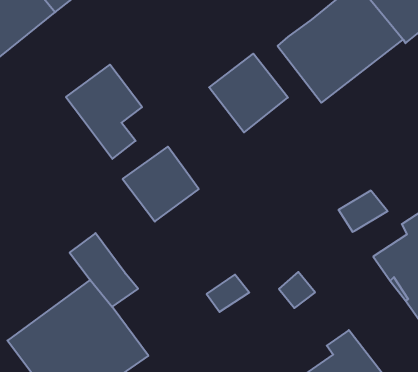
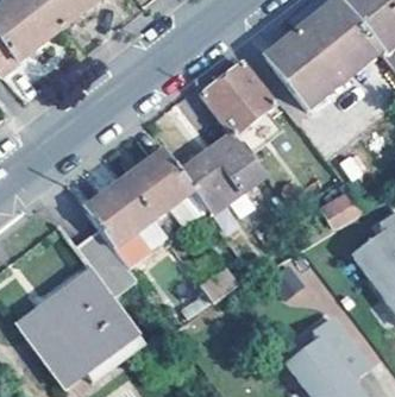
building: [66,65,142,159] -> [82,178,152,265]
building: none -> [181,137,262,214]

